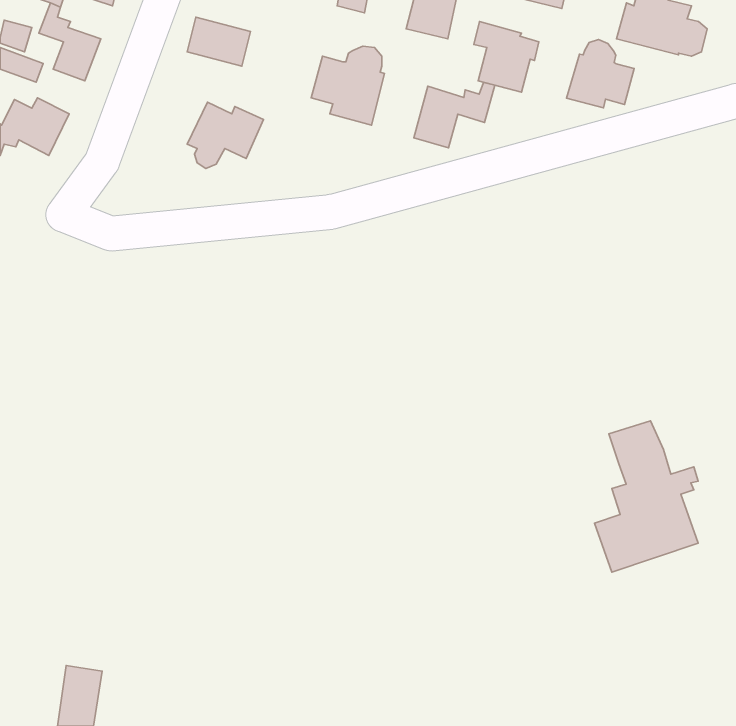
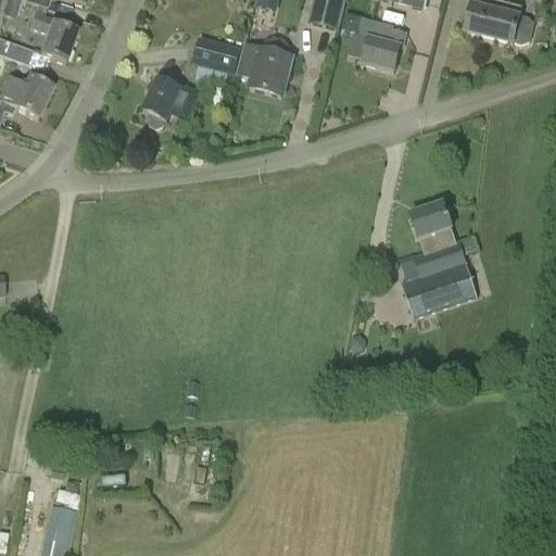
building: [187,17,251,66] -> [192,36,240,73]
building: [566,39,634,108] -> none
building: [414,83,495,148] -> none
building: [594,421,698,572] -> [400,203,478,317]

